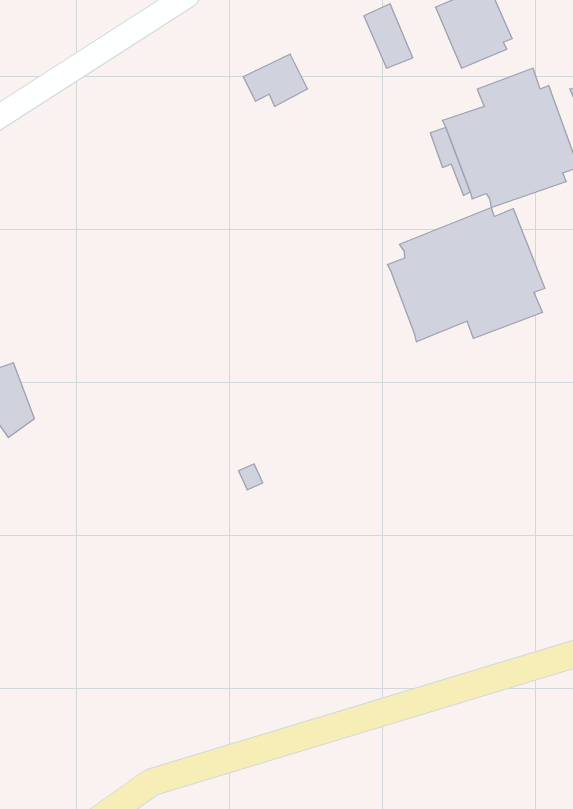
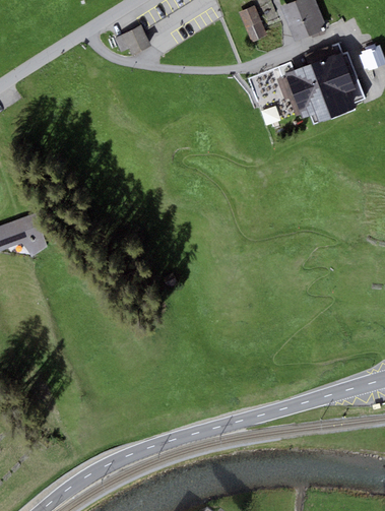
building: [243,54,308,106] -> [114,24,151,55]
building: [388,208,545,342] -> none

